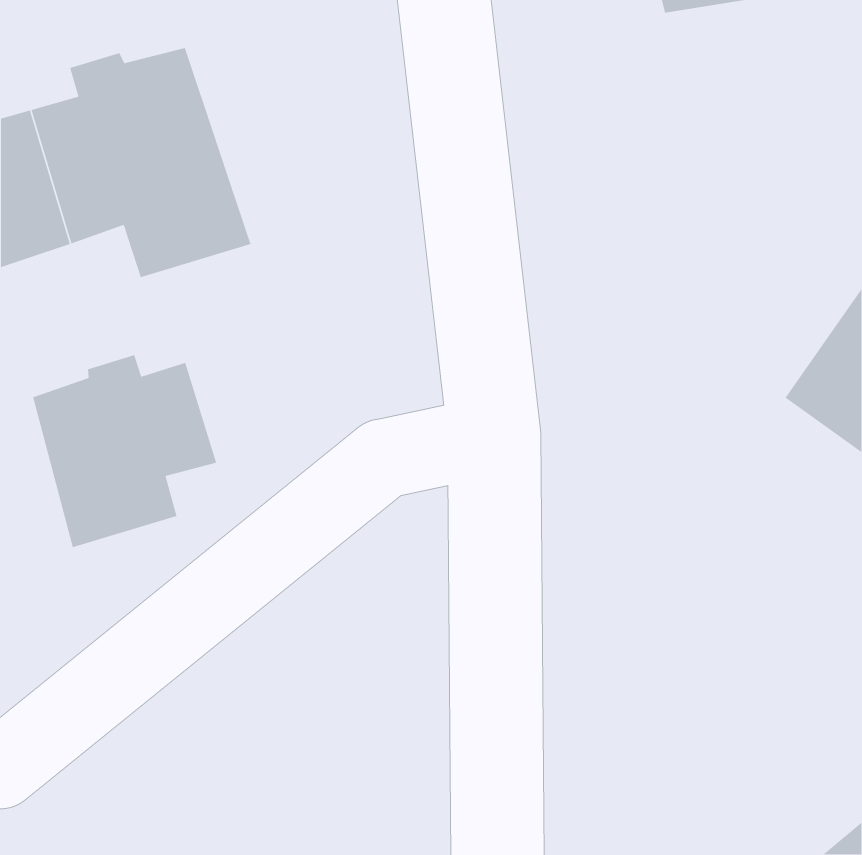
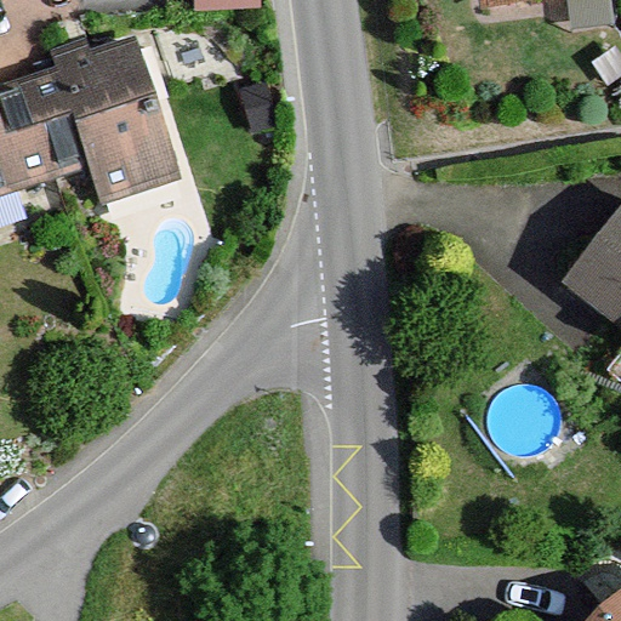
building: [32,354,217,548] -> none

